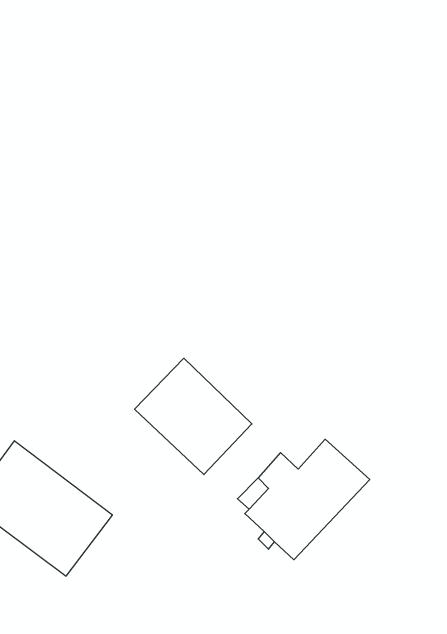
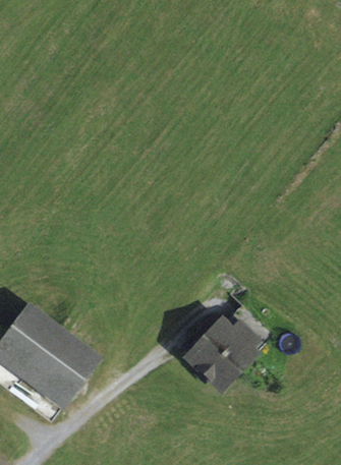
building: [135,358,252,475] -> none

